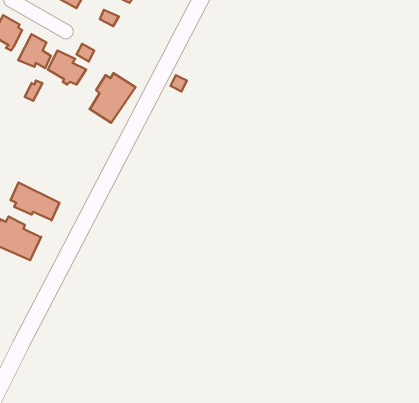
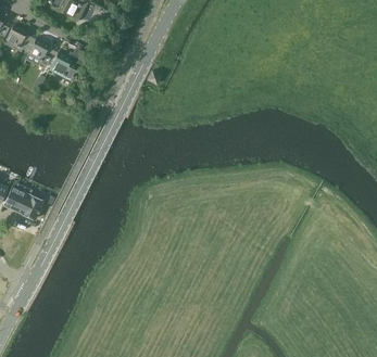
building: [89,73,135,123] -> none
building: [10,182,60,220] -> none

